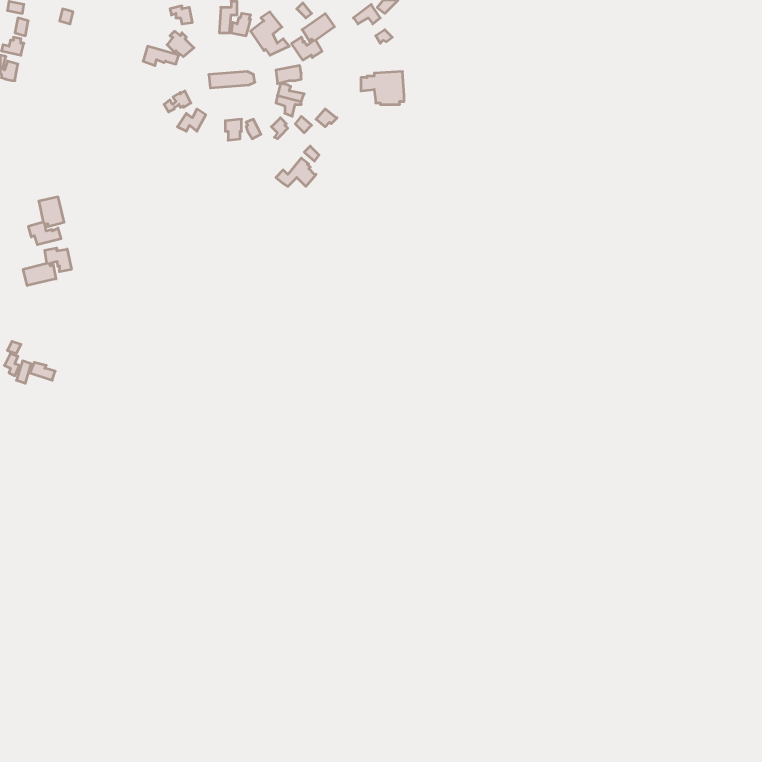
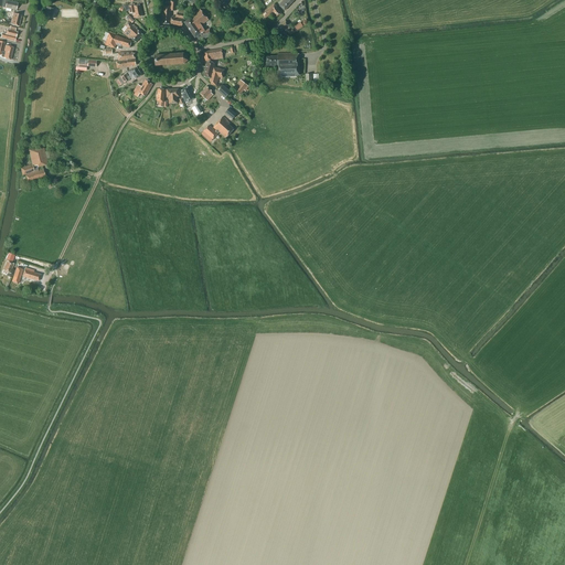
building: [292,14,334,60] -> none
building: [23,248,71,286] -> none

